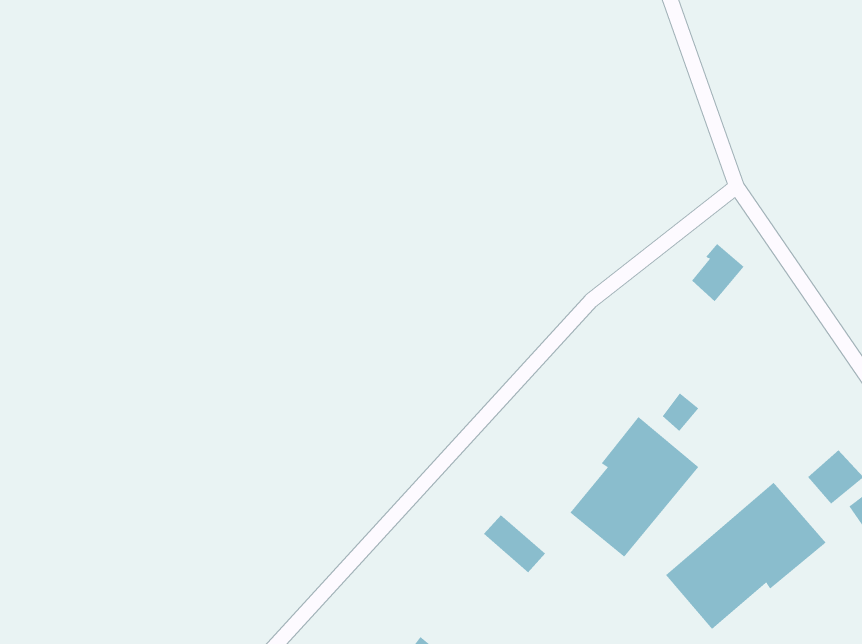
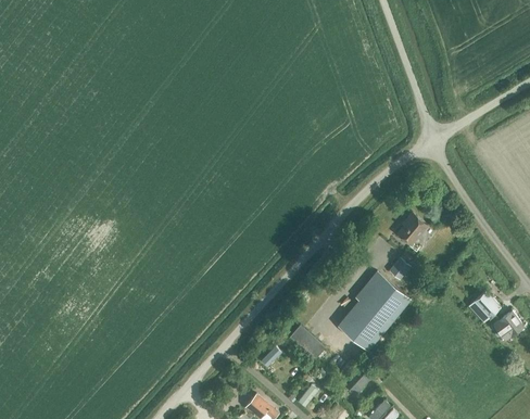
building: [691,243,744,302] -> [398,214,427,246]
building: [665,482,827,630] -> none

